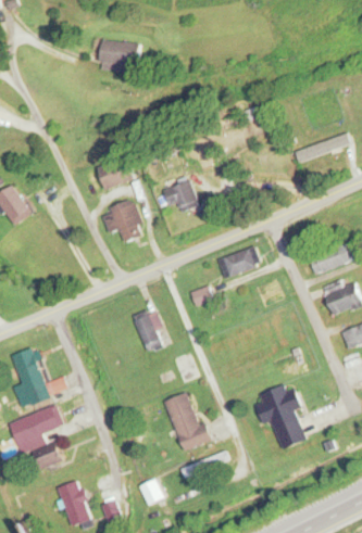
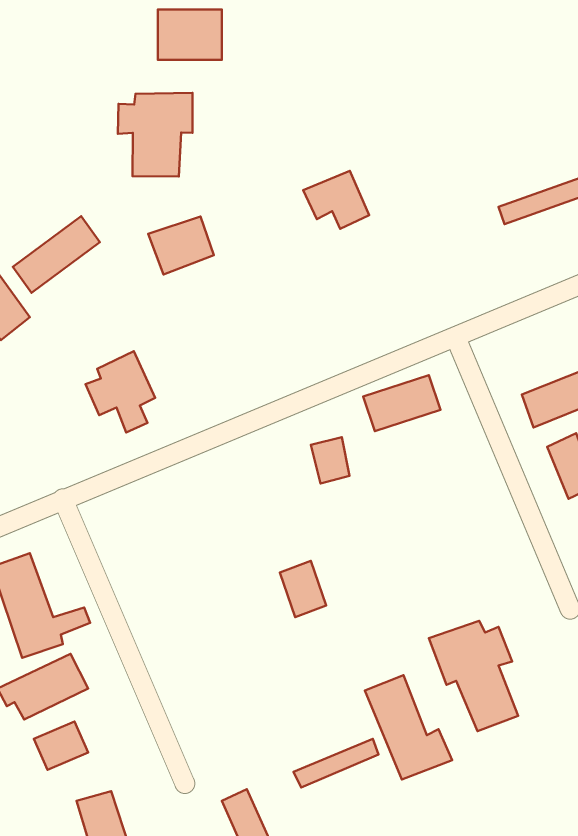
building: none -> [118,93,192,177]
building: none -> [13,216,100,293]
building: [162,180,199,213] -> [303,171,369,229]
building: [102,198,141,243] -> [85,351,155,433]
building: [133,309,162,351] -> none
building: [163,391,212,449] -> [365,675,452,780]

